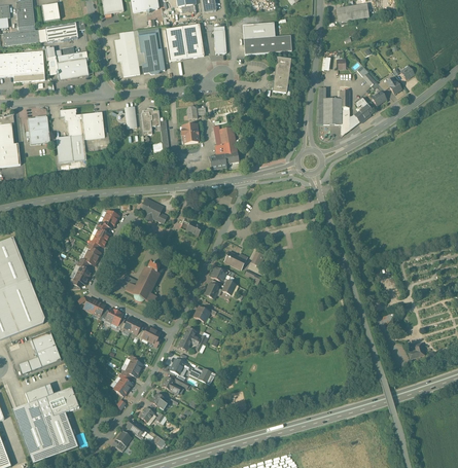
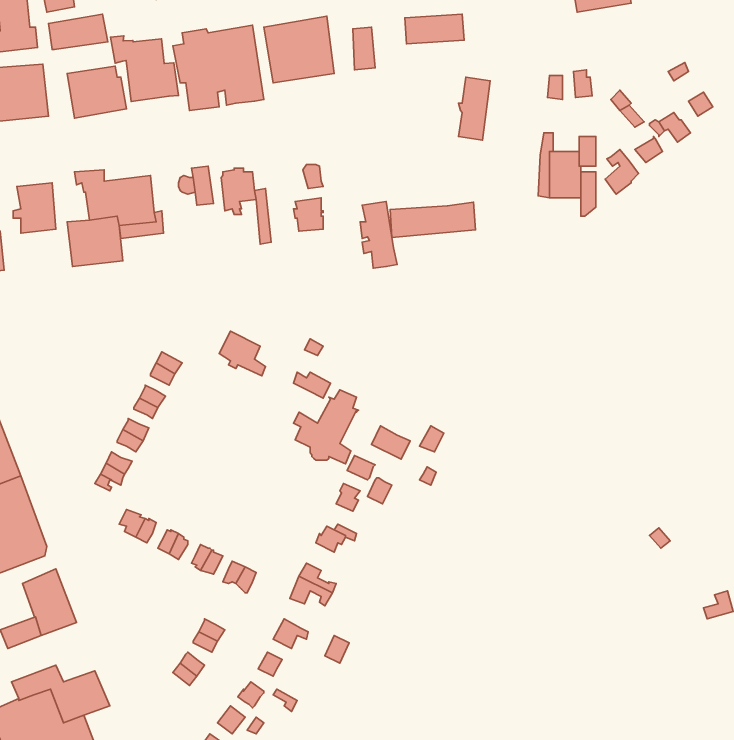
building: none -> [110,36,178,102]
building: [244,35,291,55] -> [390,202,475,237]
building: [125,262,161,303] -> [293,390,358,464]

